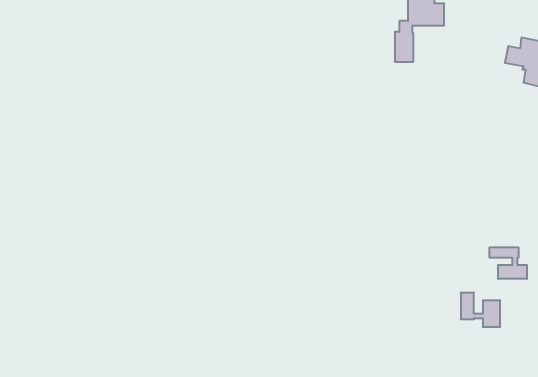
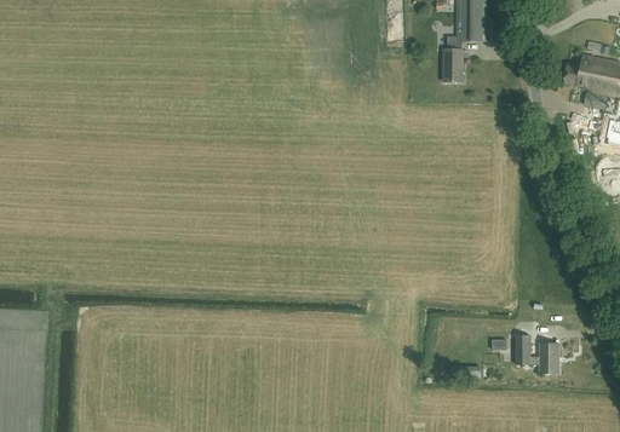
building: [490,247,527,279] -> none

